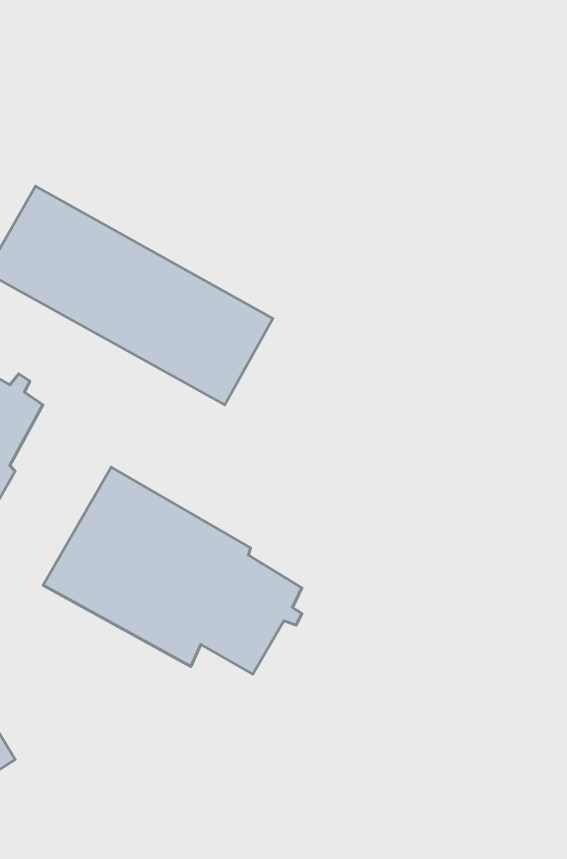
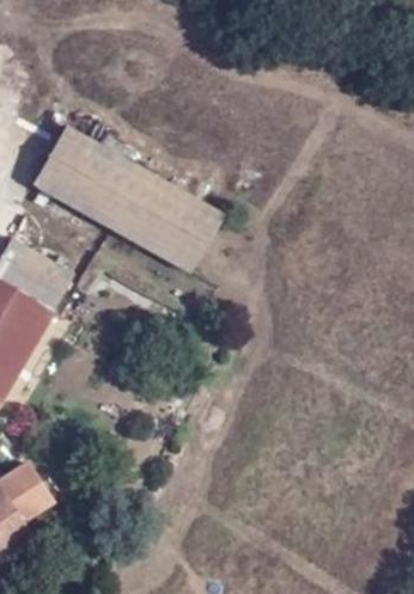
building: [43,467,302,674] -> none

